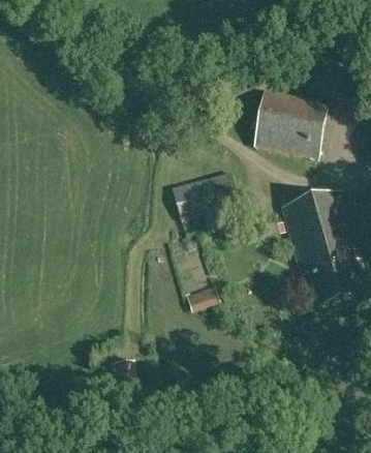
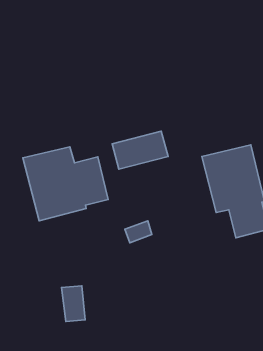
building: [252,90,329,159] -> none
building: none -> [23,147,108,221]

